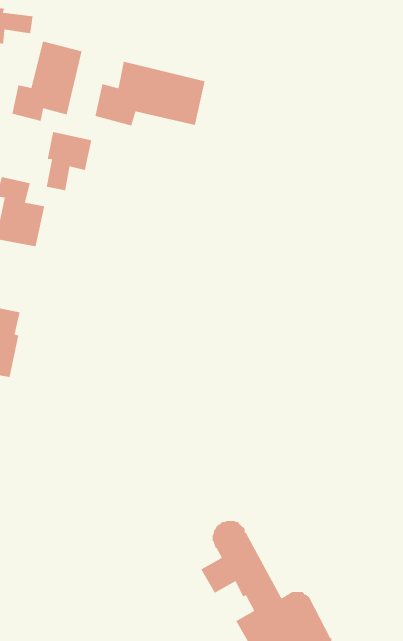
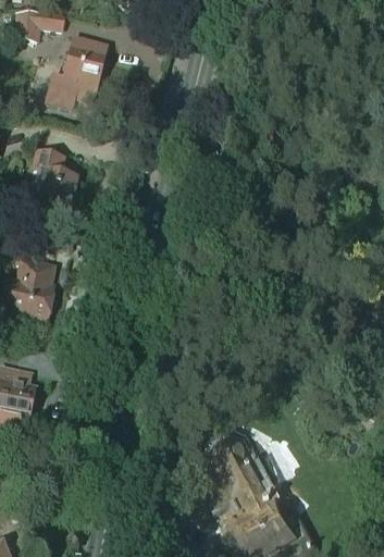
building: [94,61,205,126] -> none
building: [46,131,92,191] -> none

